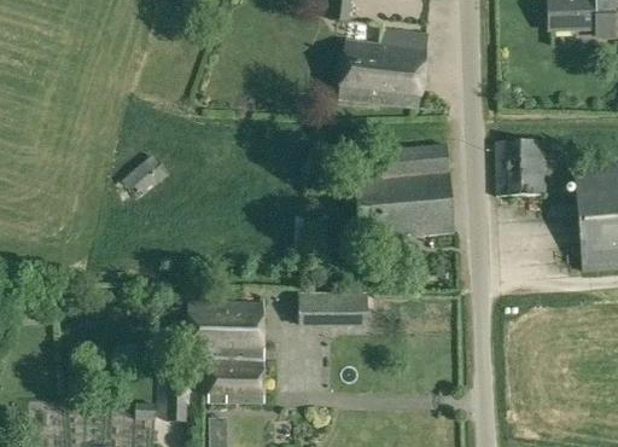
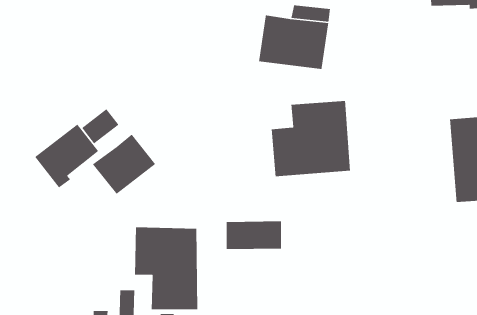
building: [495,138,546,195] -> none
building: none -> [34,123,99,188]
building: none -> [92,134,156,195]

